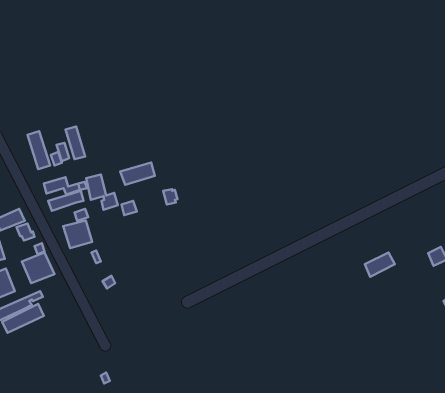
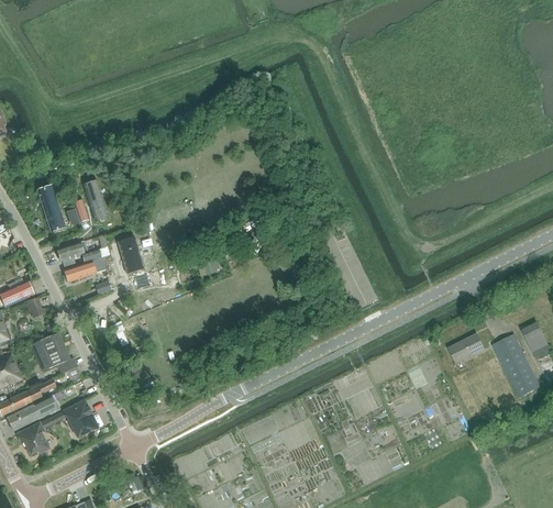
building: [120,162,155,185] -> none
building: [63,220,92,248] -> none
building: none -> [491,332,540,397]
building: none -> [63,400,98,438]
building: none -> [18,422,48,454]

